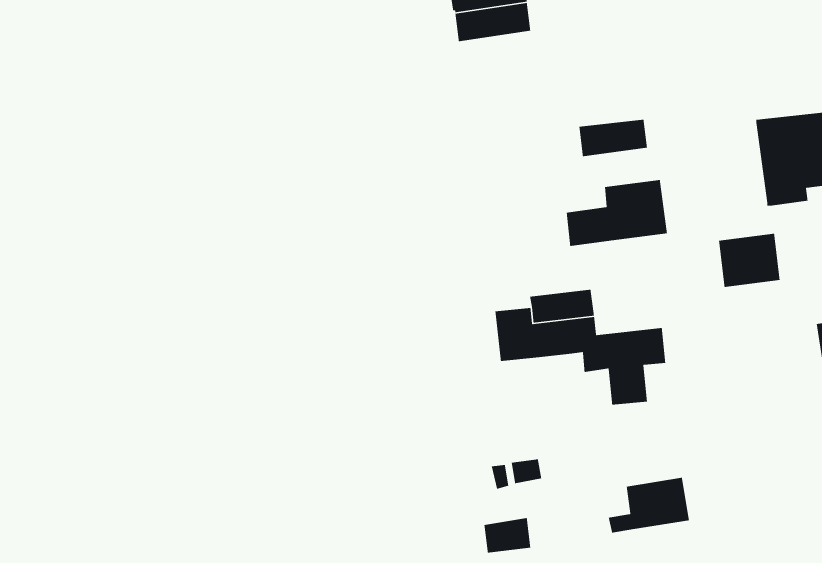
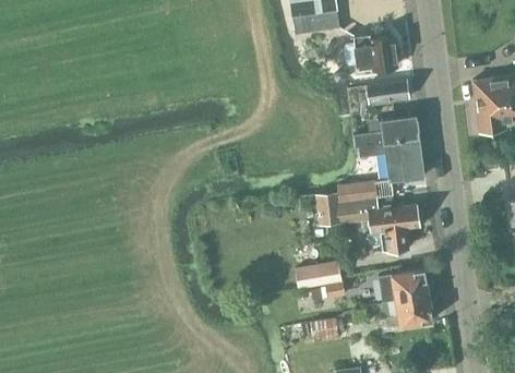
building: none -> [344,35,396,72]
building: [718,233,780,288] -> [386,149,423,182]
building: none -> [294,262,340,288]
building: none -> [378,269,429,302]

